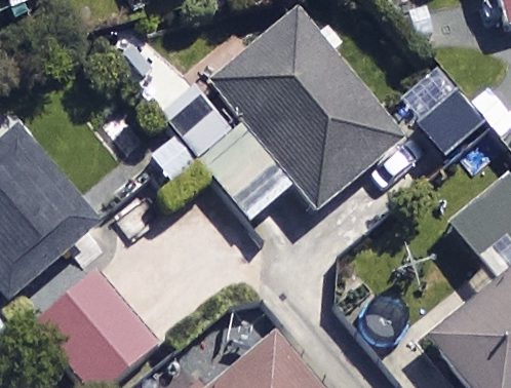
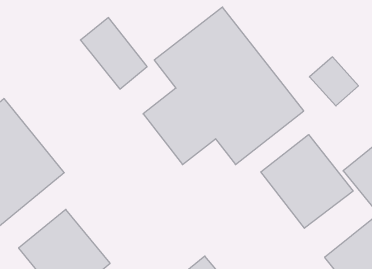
building: none -> [261,135,353,228]

